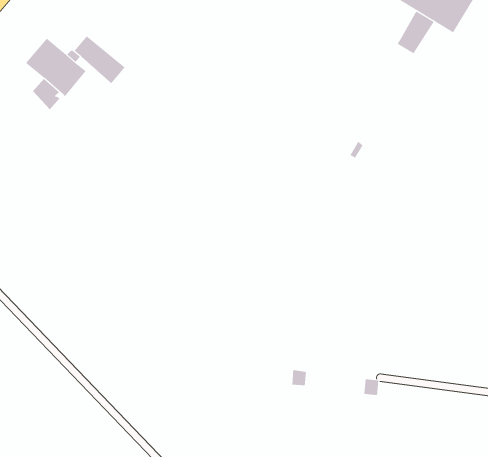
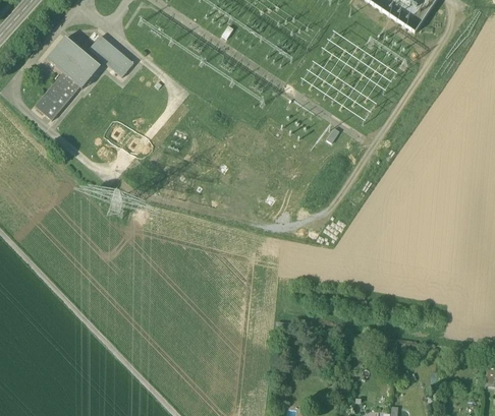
building: [397,10,435,54] -> none
building: none -> [35,82,68,119]

